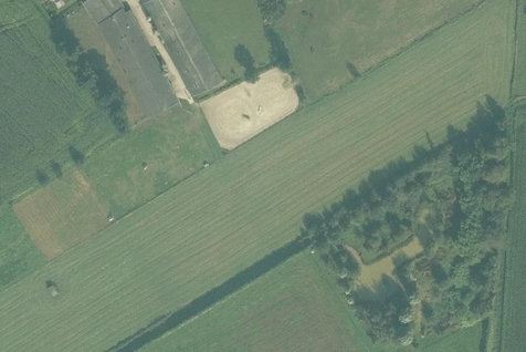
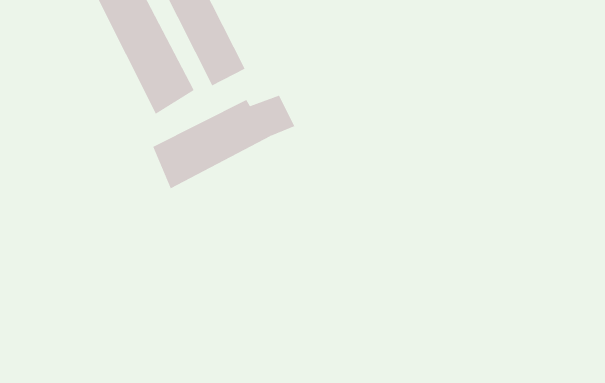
building: none -> [152,95,295,189]

